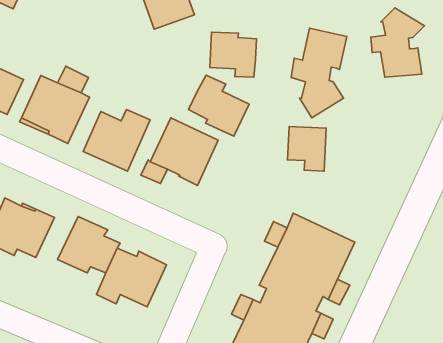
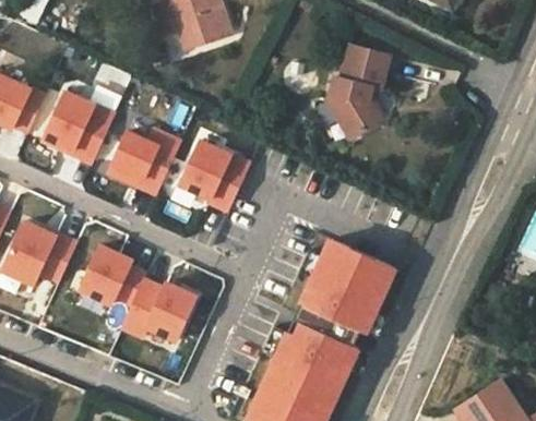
building: [371,8,424,77] -> none
building: [210,32,257,77] -> none
building: [189,75,249,136] -> none
building: [287,126,326,171] -> none

